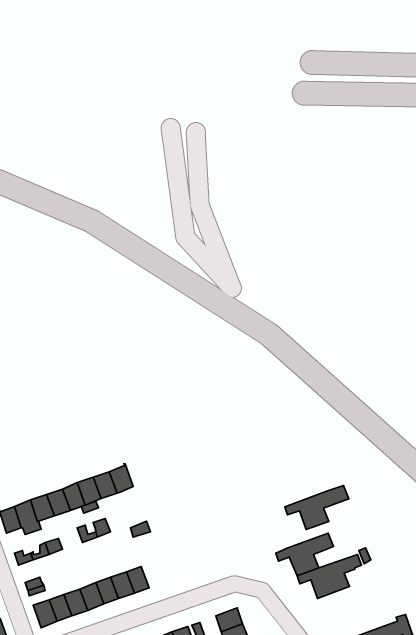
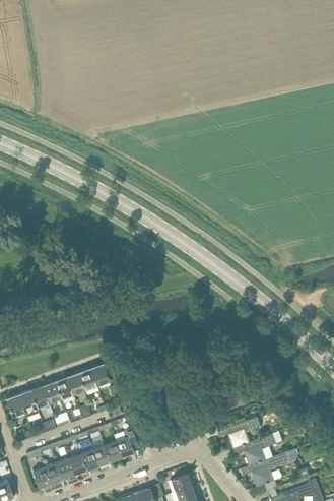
building: [285,486,349,530] -> [240,453,288,487]
building: none -> [114,428,137,458]

